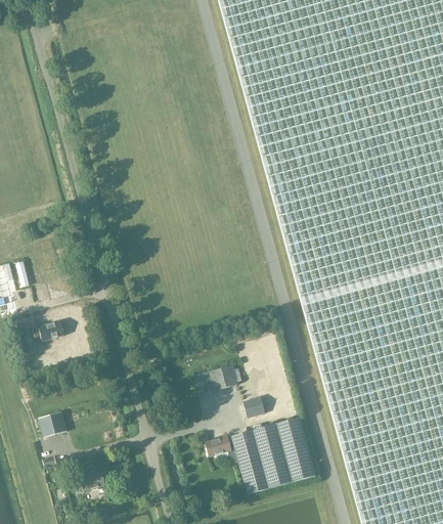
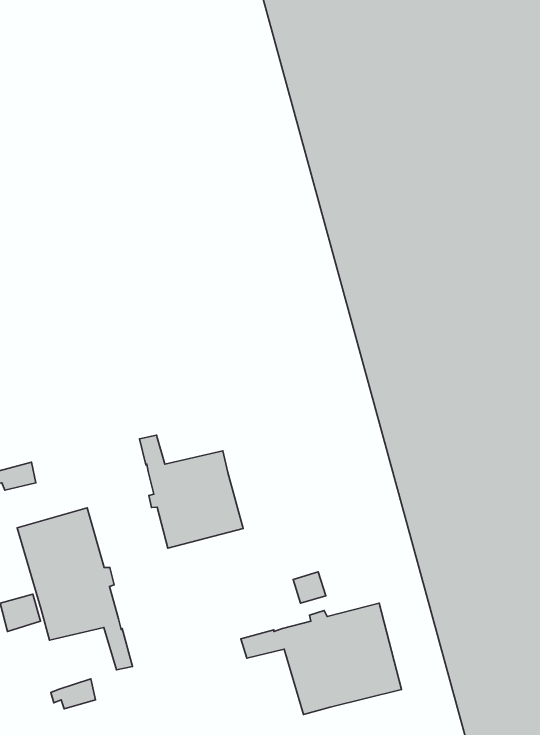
building: none -> [139,435,243,548]
building: none -> [17,508,132,670]
building: [207,366,235,392] -> none

